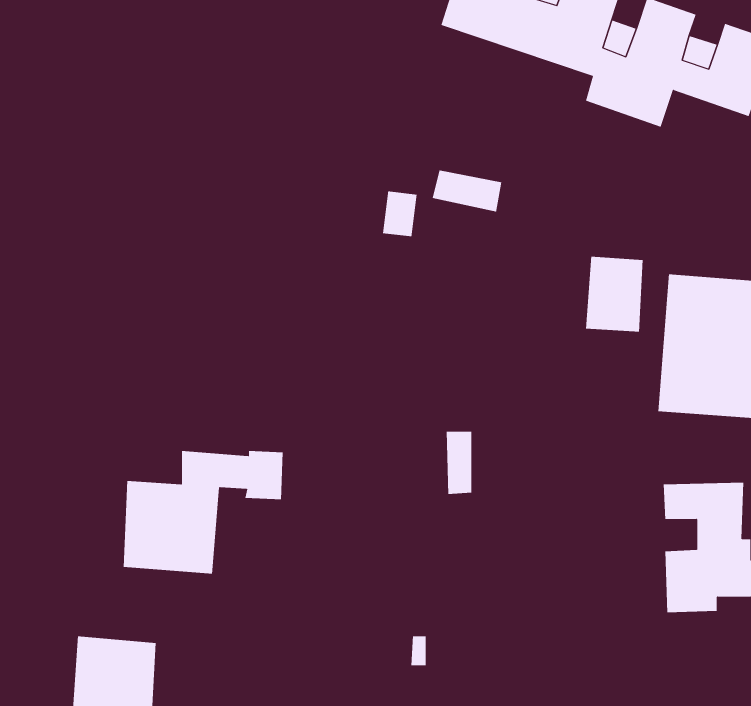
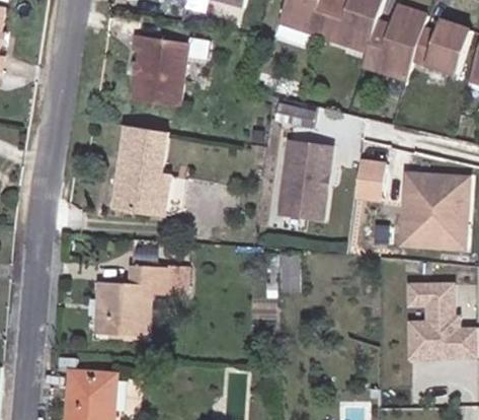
building: none -> [130,36,187,106]
building: none -> [110,126,168,214]
building: none -> [277,142,330,220]

